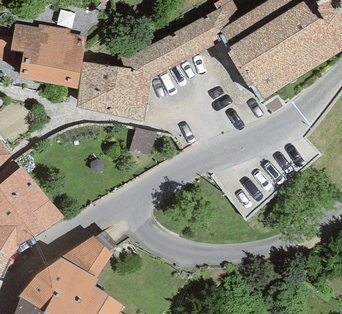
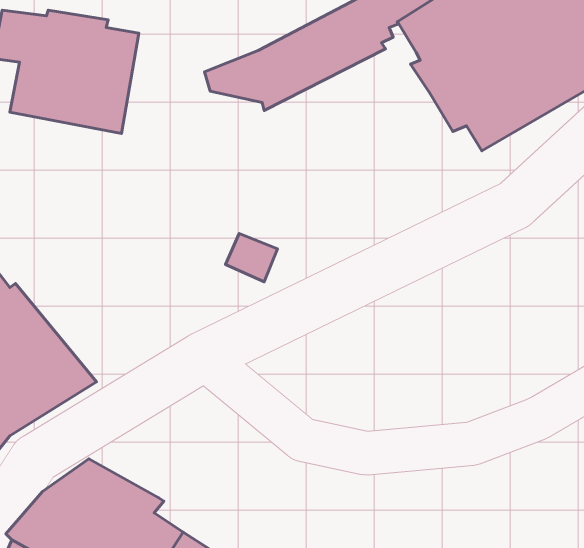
building: [75,63,150,122] -> none
building: [59,236,111,278] -> none

